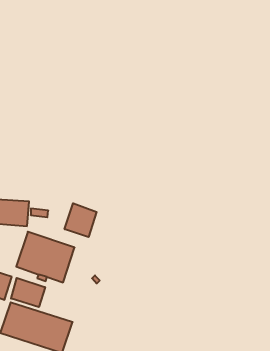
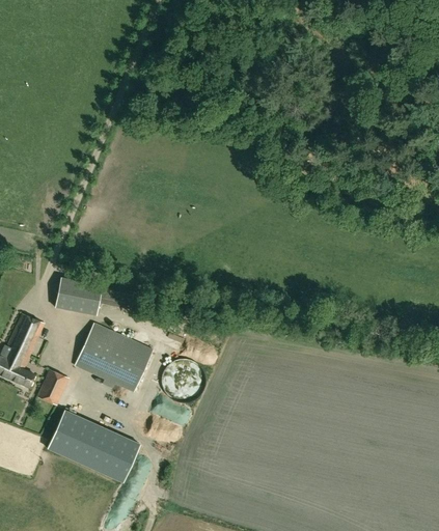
building: [65,203,97,237] -> none
building: [11,278,45,307] -> none

